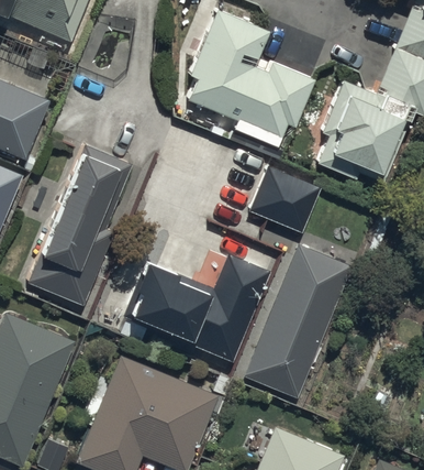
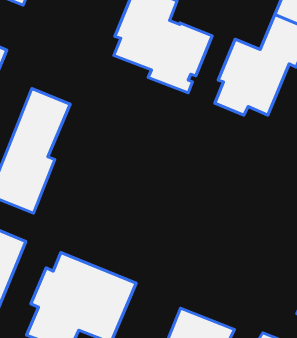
building: [248,167,320,234] -> none
building: [241,244,350,400] -> none
building: [126,254,269,363] -> none

